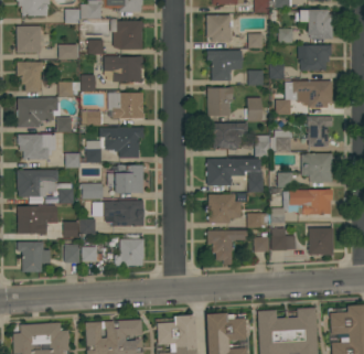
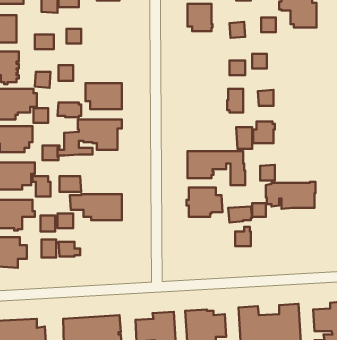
building: [111,20,144,50] -> none
building: [299,45,332,71] -> none
building: [207,51,242,81] -> none
building: [105,56,142,82] -> none
building: [293,81,333,108] -> none
building: [207,87,233,116] -> none
building: [308,117,332,147] -> none
building: [207,124,248,149] -> none
building: [302,153,332,182] -> none
building: [108,164,143,193] -> none
building: [271,228,296,250] -> none
building: [308,228,333,255] -> none
building: [207,230,248,265] -> none
building: [115,239,144,267] -> none

